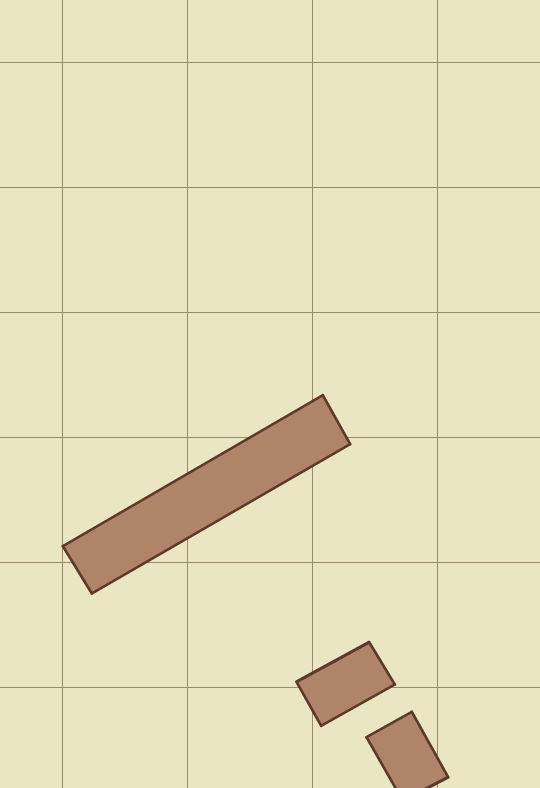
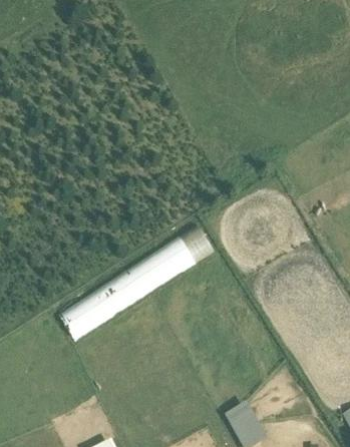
building: [297,642,395,726] -> none

